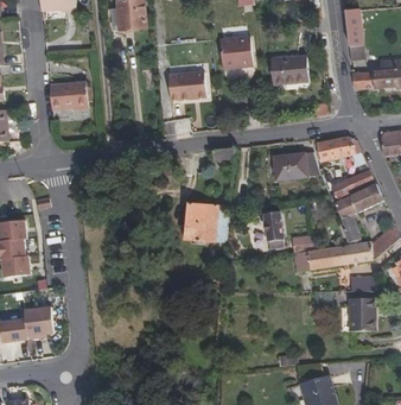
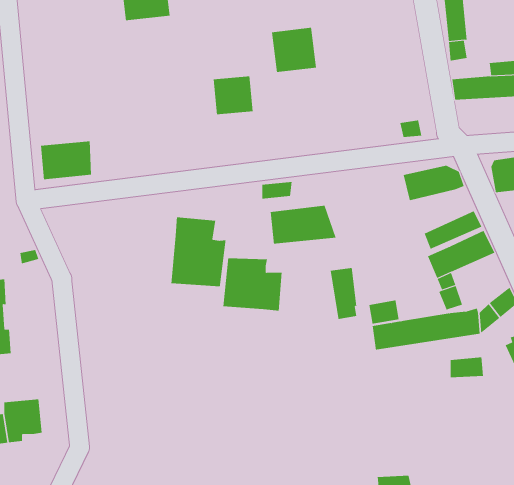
building: [270,55,308,84] -> none
building: [49,81,87,109] -> [40,141,92,180]
building: [272,151,320,179] -> [270,205,337,244]
building: none -> [171,217,226,287]
building: [349,297,375,330] -> none

